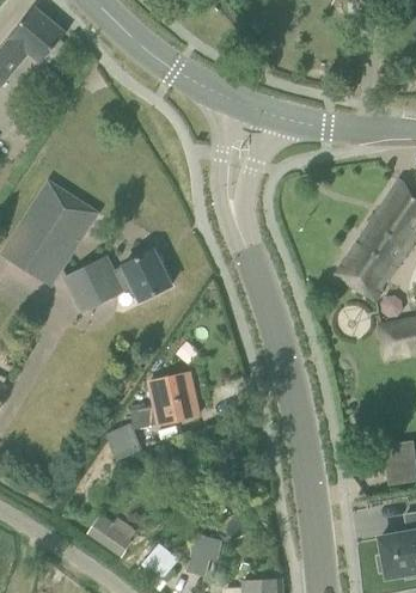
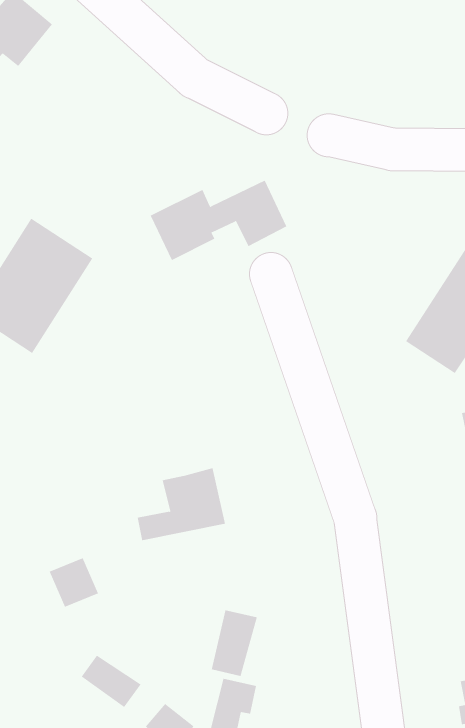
building: [66,250,171,312] -> [150,180,287,261]
building: [104,423,142,461] -> [49,558,99,607]
building: none -> [211,610,257,677]

